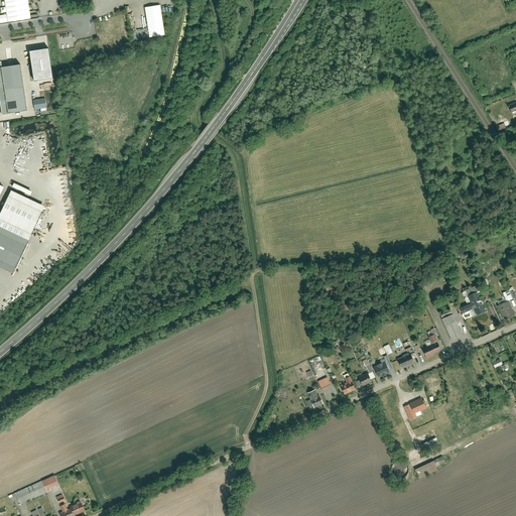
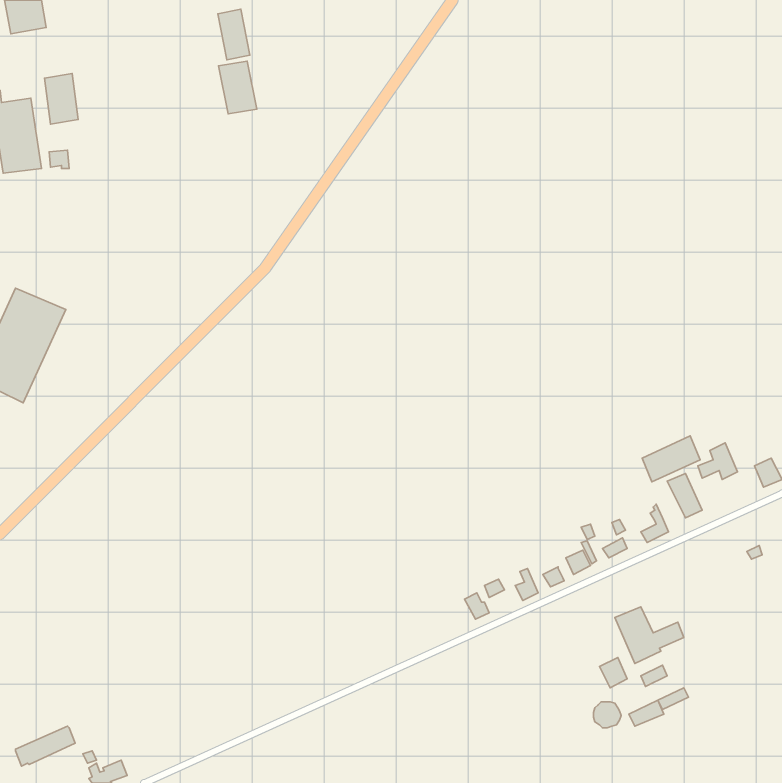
building: none -> [219,61,257,114]
building: none -> [642,436,700,482]

